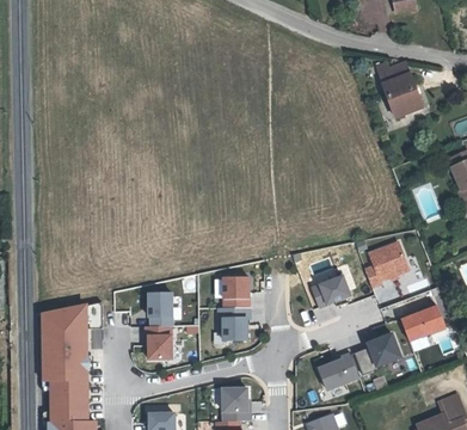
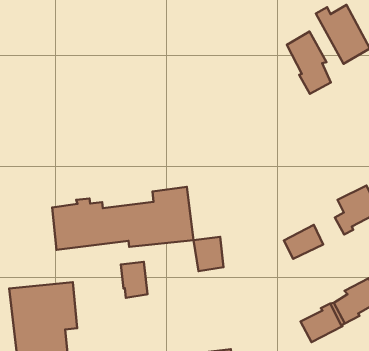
building: none -> [287,31,331,94]
building: none -> [52,187,194,250]
building: [220,306,251,339] -> none
building: [147,324,173,357] -> none

